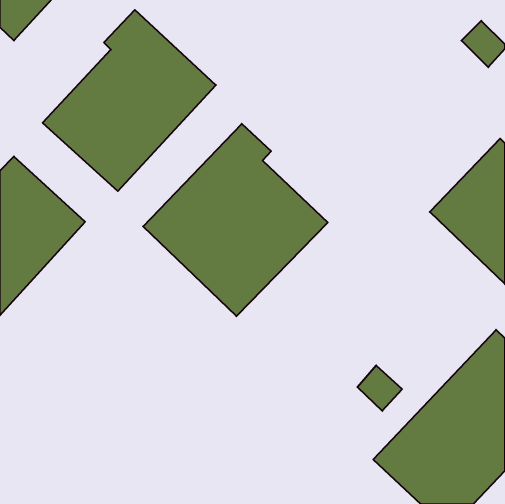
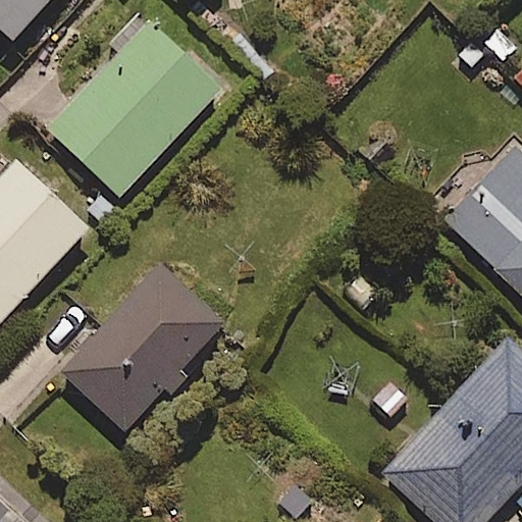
building: [143,124,328,316] -> none
building: none -> [60,263,228,432]

